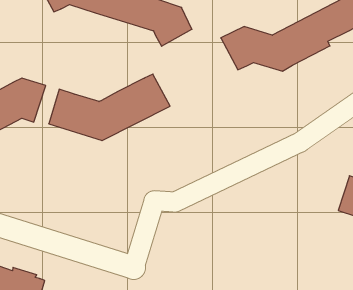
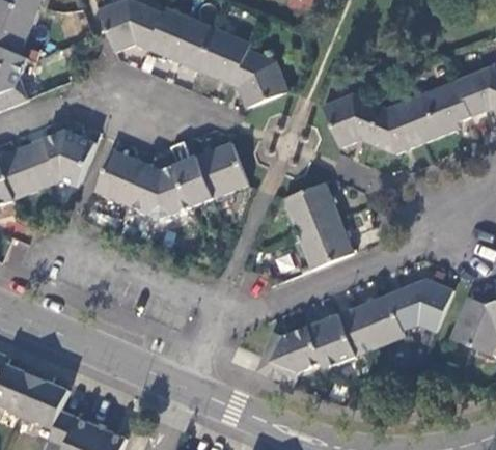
building: none -> [282,182,352,270]
building: none -> [255,278,453,387]

